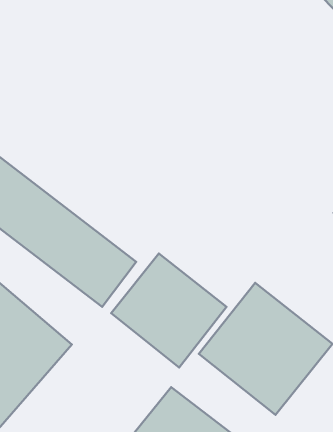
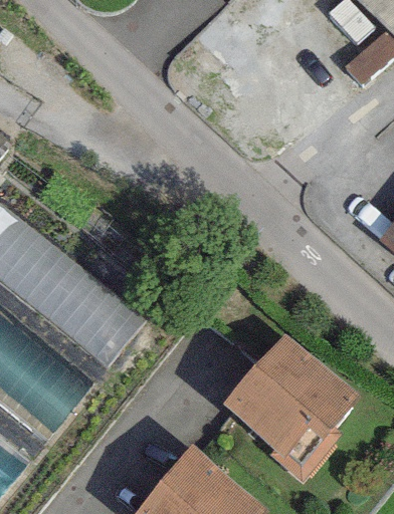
building: [111,253,226,367] -> none

